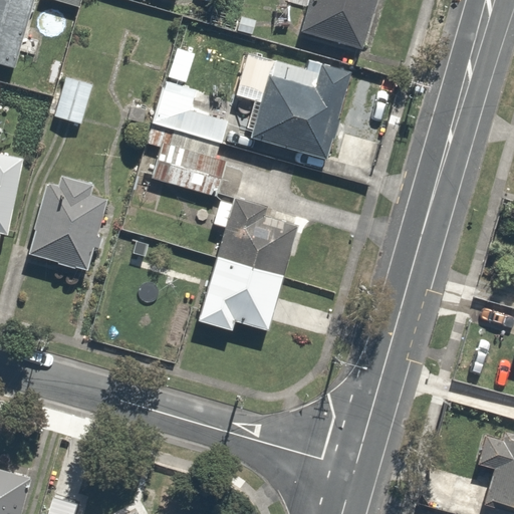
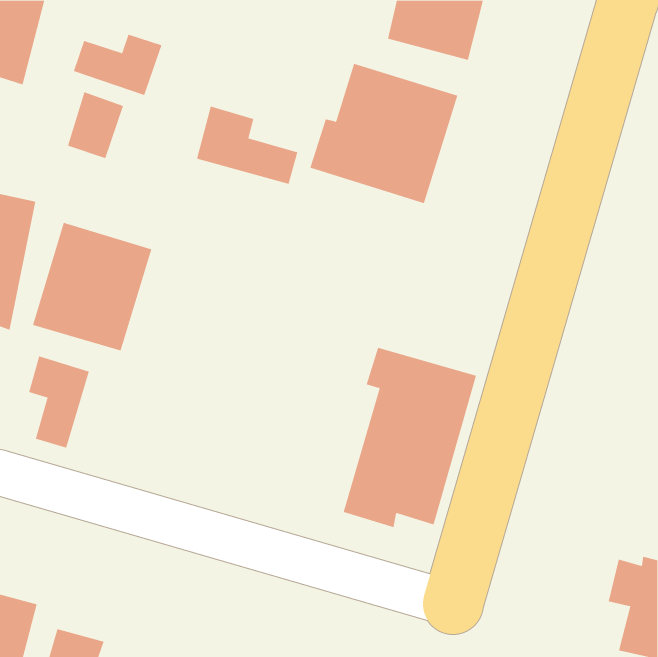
building: none -> [73,34,162,96]
building: [147,125,225,195] -> none
building: [195,193,299,333] -> [343,347,477,528]
building: none -> [28,356,90,449]

